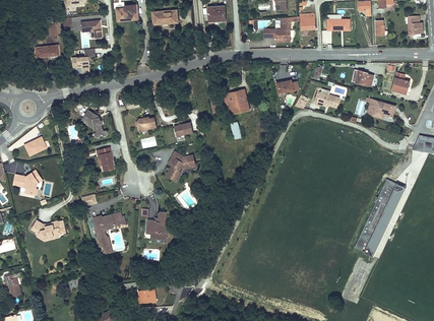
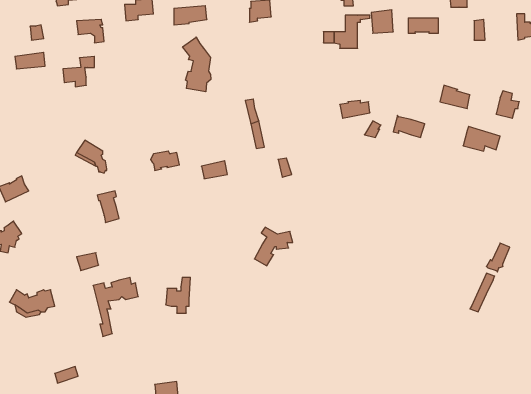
building: none -> [183,37,211,92]
building: [224,88,250,116] -> none
building: [167,152,195,181] -> [254,227,293,266]

